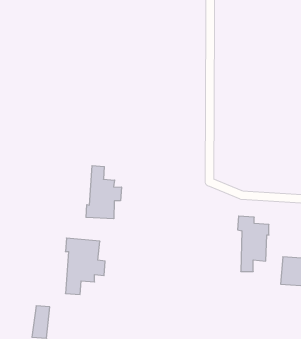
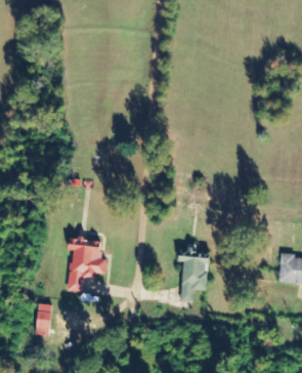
building: [86,166,121,219] -> none
building: [238,216,269,271] -> [178,246,209,300]

